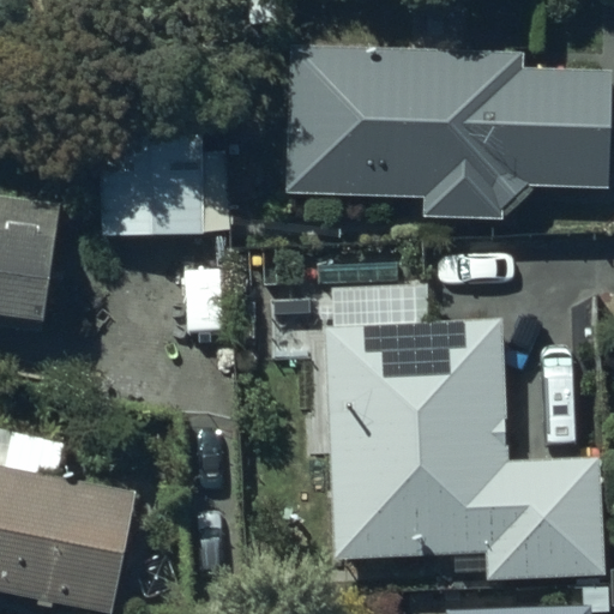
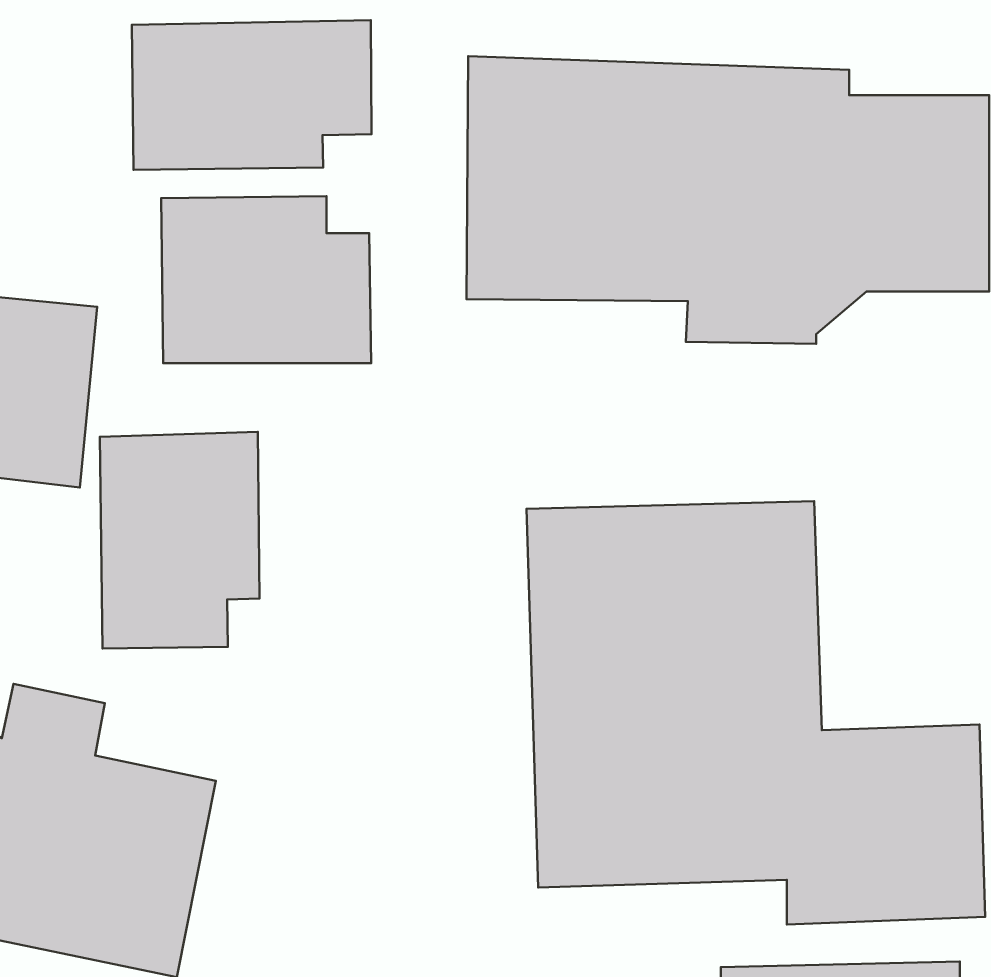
building: none -> [132,20,372,170]
building: none -> [100,432,259,648]

